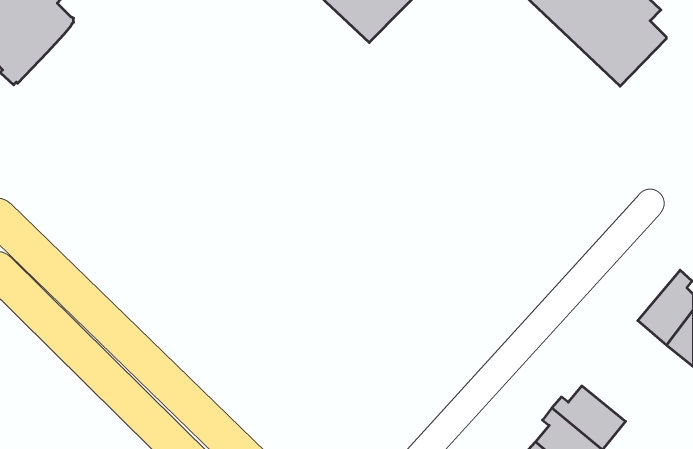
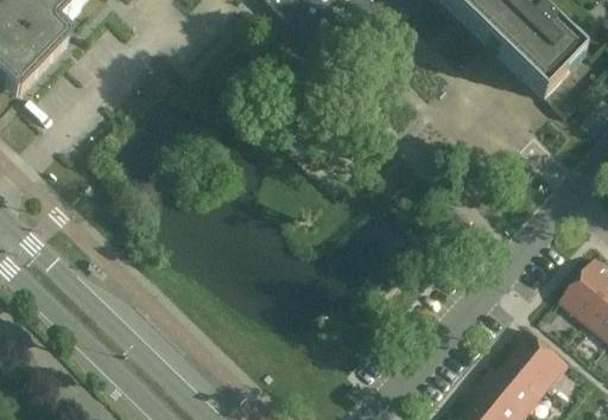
building: none -> [509,326,569,388]

